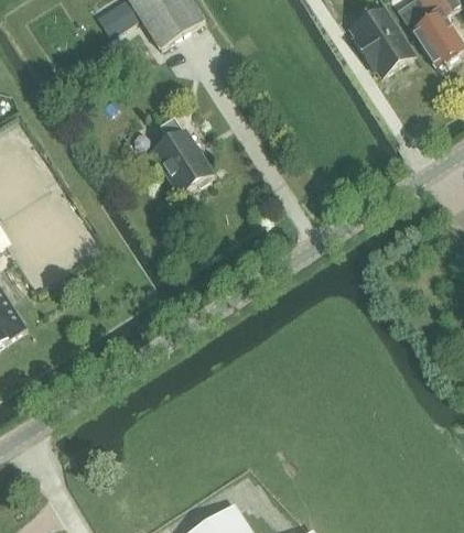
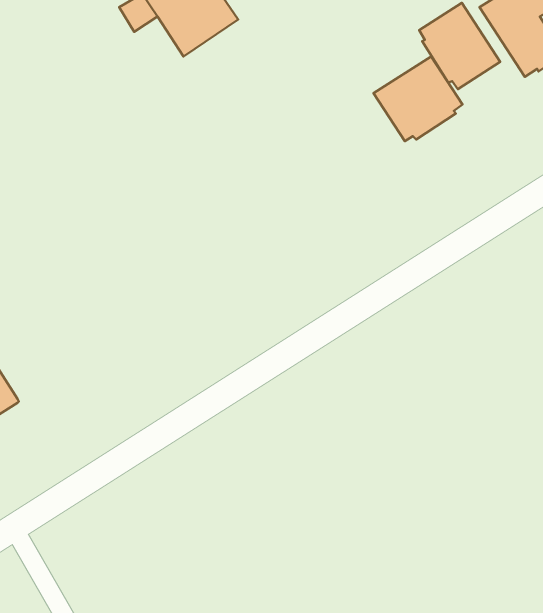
building: none -> [374,56,462,141]
building: [150,117,212,192] -> none

